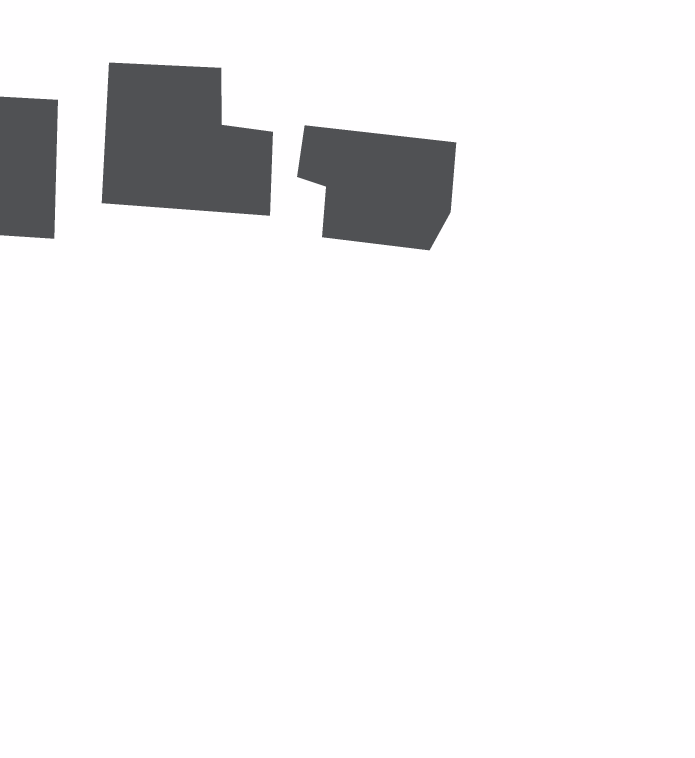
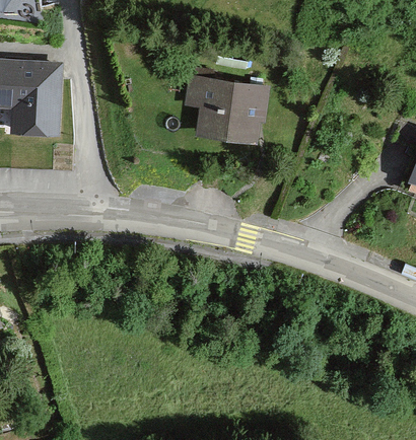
building: [101,62,274,216] -> none

